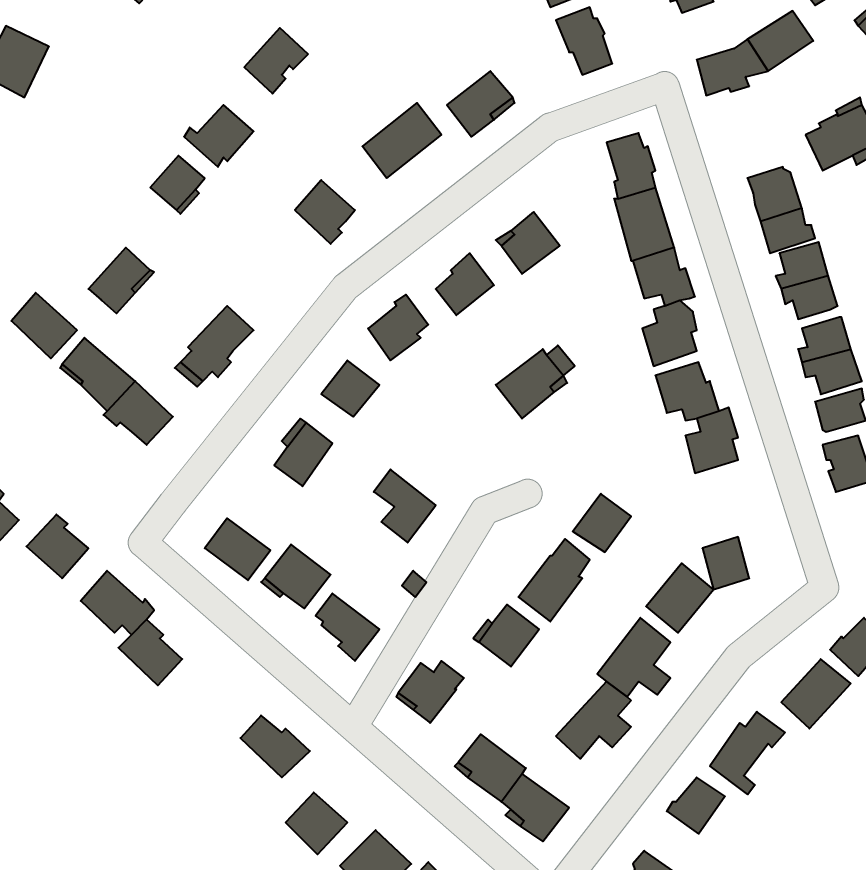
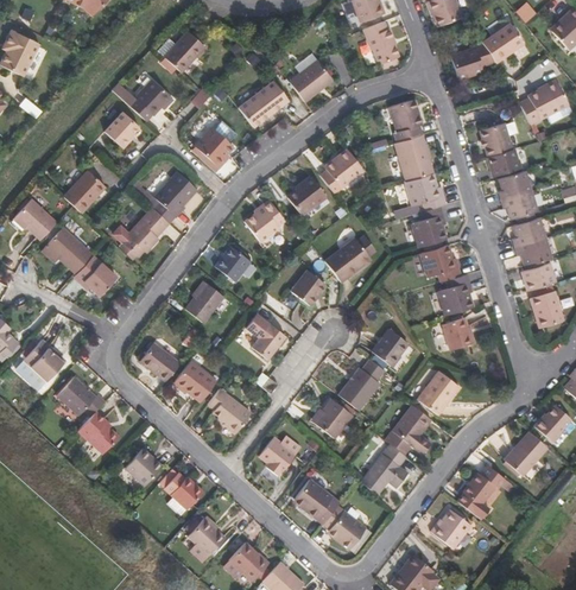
building: none -> [154,175,196,220]
building: none -> [291,271,327,306]
building: [702,537,749,590] -> [441,318,470,351]
building: none -> [125,448,159,484]

